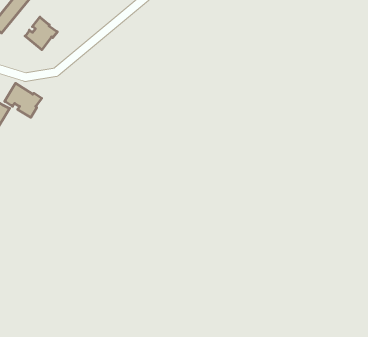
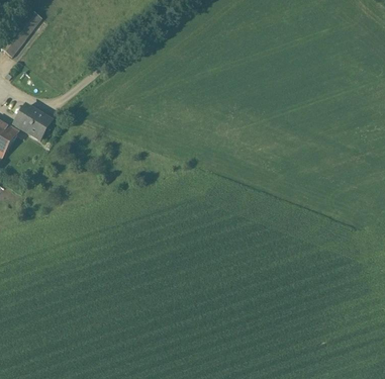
building: [25,17,57,50] -> none

